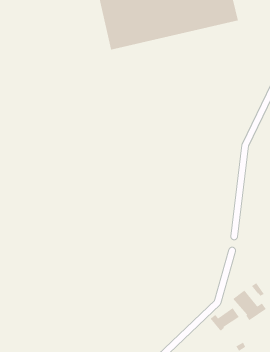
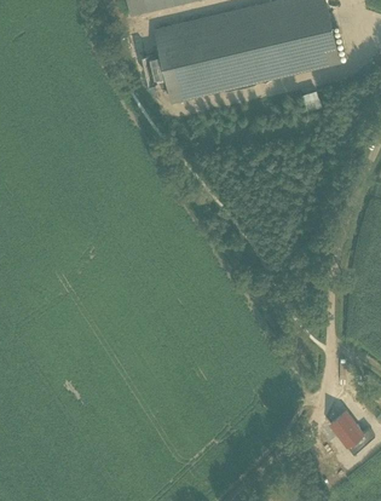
building: [210,307,240,332] -> none

